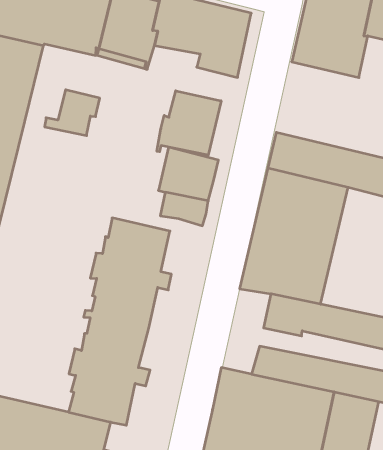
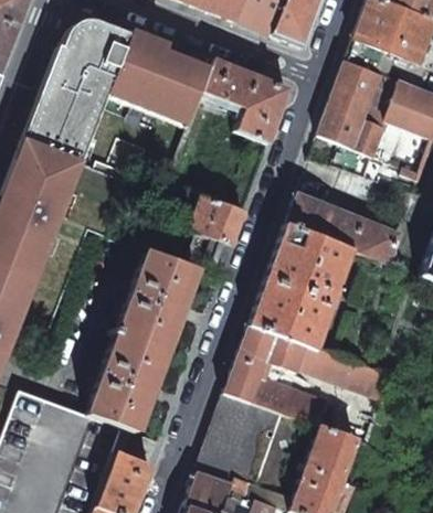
building: [157,91,221,155] -> none
building: none -> [224,325,275,400]

